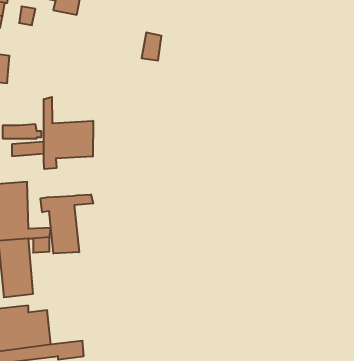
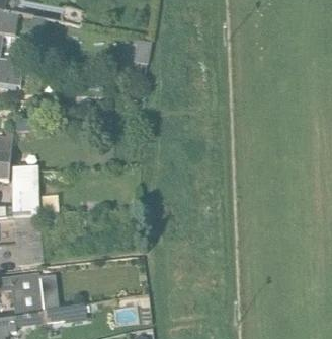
building: [44,97,93,169] -> none
building: [41,194,93,254] -> none

